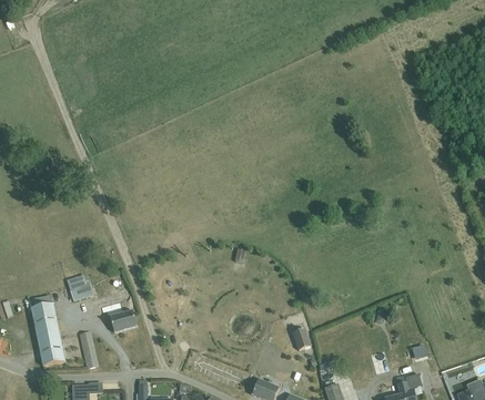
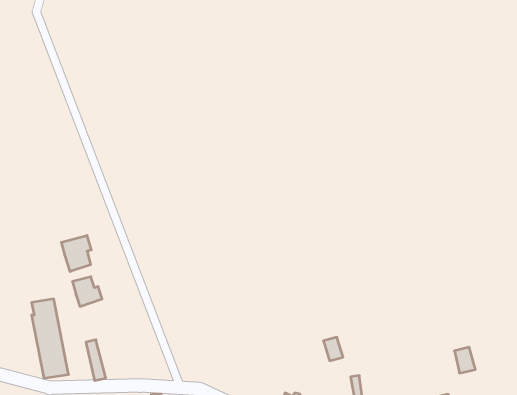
building: none -> [61,235,91,272]
building: [107,299,137,331] -> none

